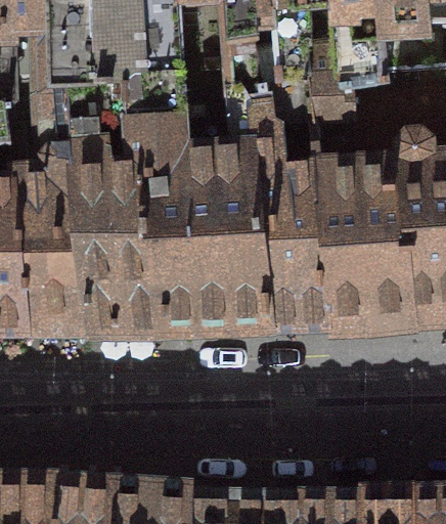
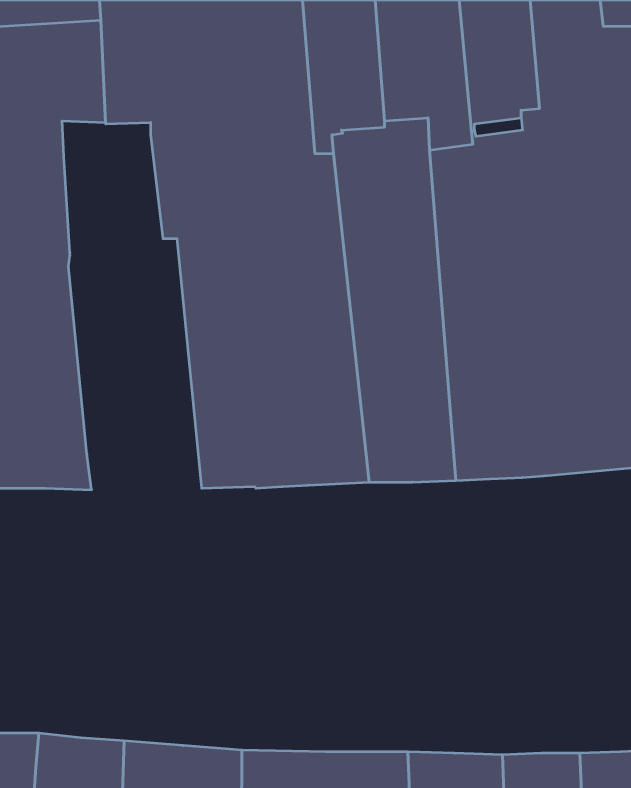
building: [69,80,161,323] -> none

